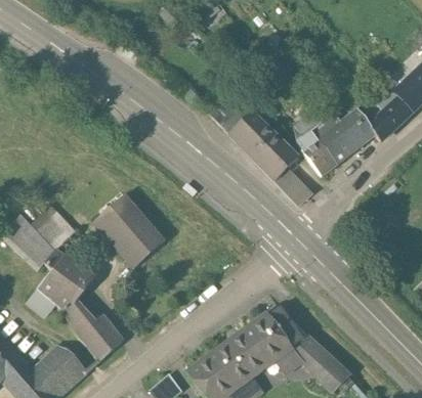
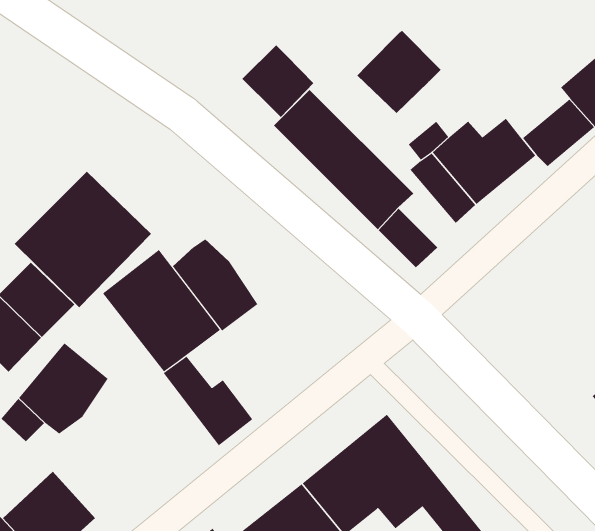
building: none -> [356,30,441,114]
building: none -> [242,45,314,118]
building: none -> [14,171,152,308]
building: none -> [172,238,258,332]
building: [67,301,125,359] -> [163,356,253,446]

